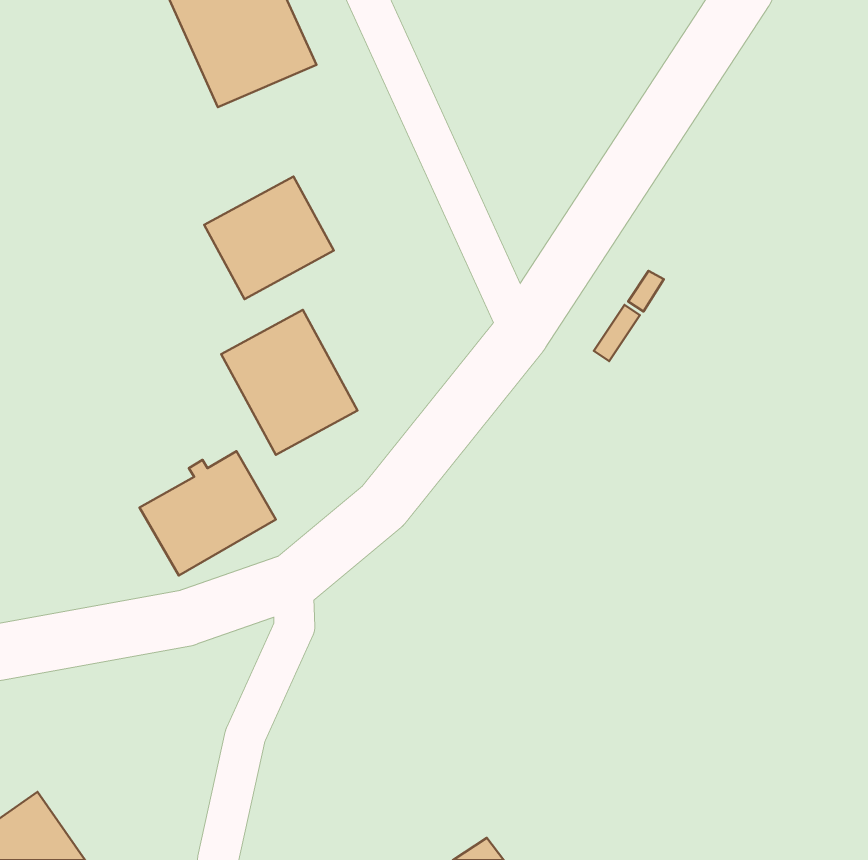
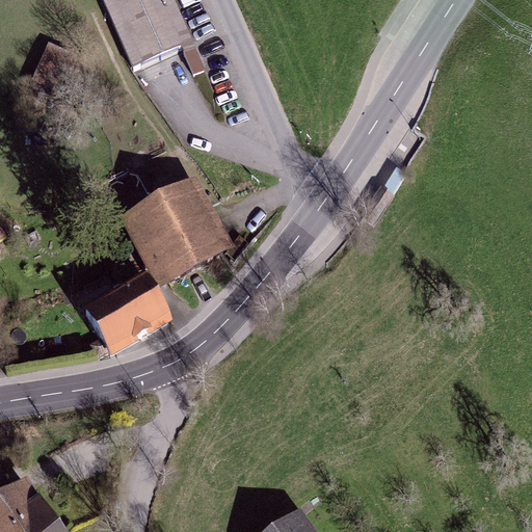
building: none -> [30,42,72,92]
building: [204,176,334,299] -> none

